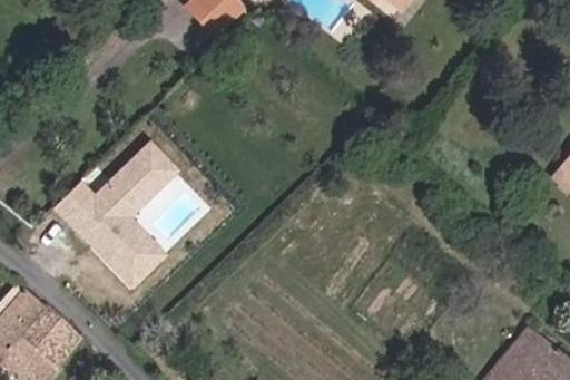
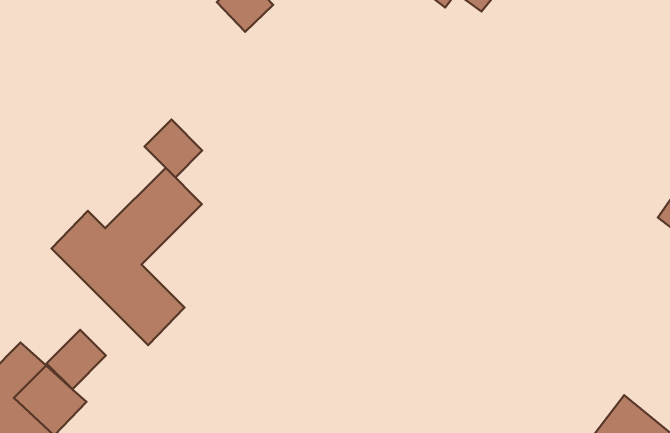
building: none -> [145,120,202,177]
building: none -> [47,330,106,389]

